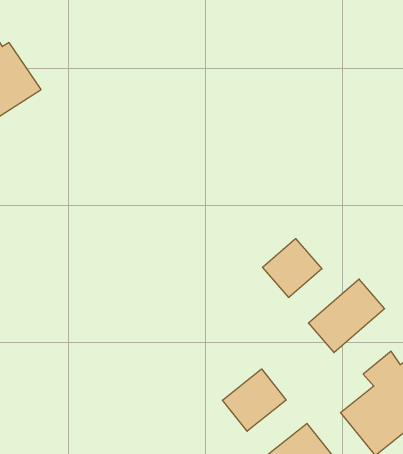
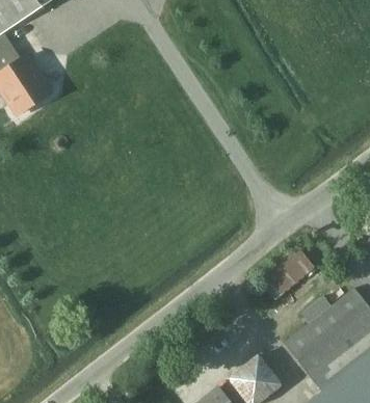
building: [263,239,322,298] -> none
building: [222,369,286,431] -> none

